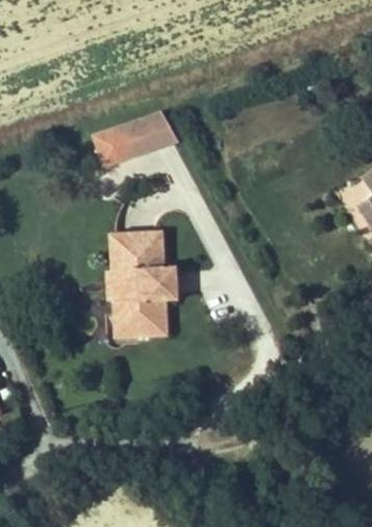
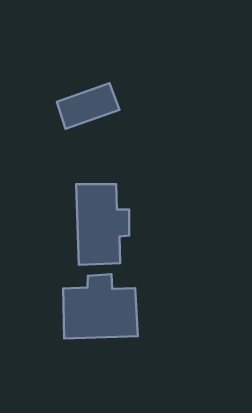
building: none -> [63,274,138,338]

